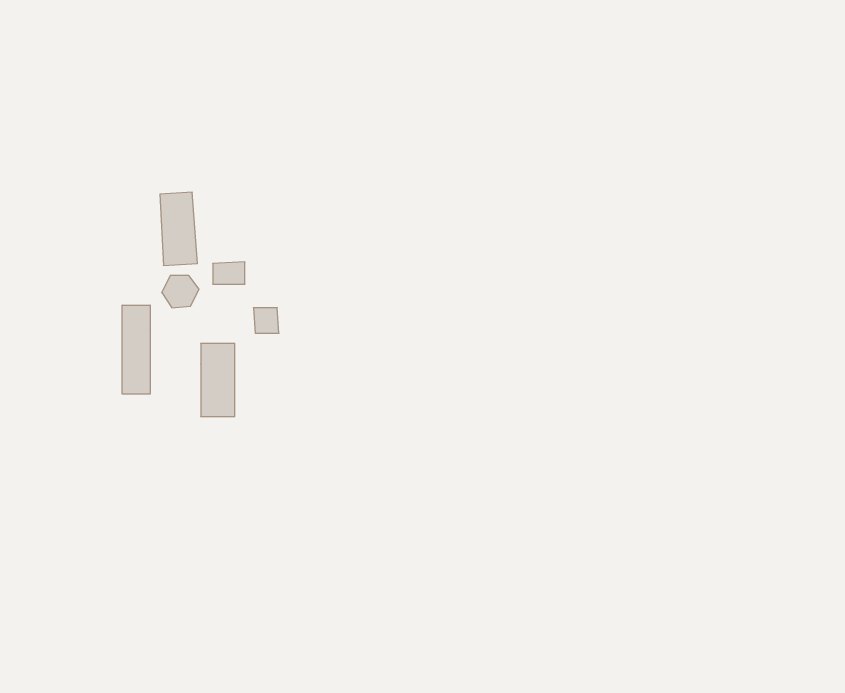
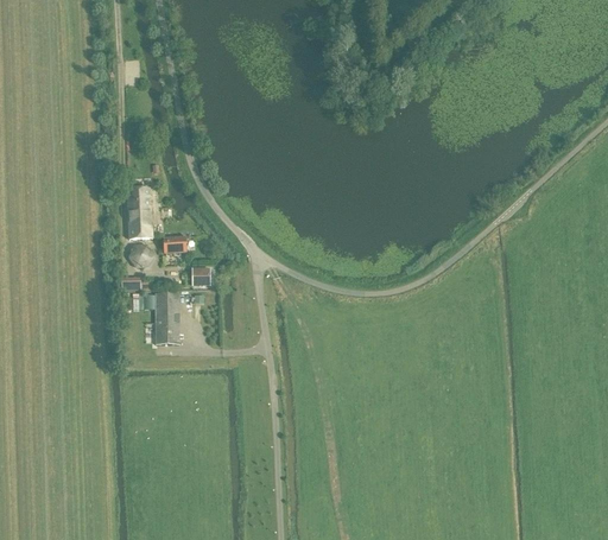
building: [122,305,150,394] -> none

